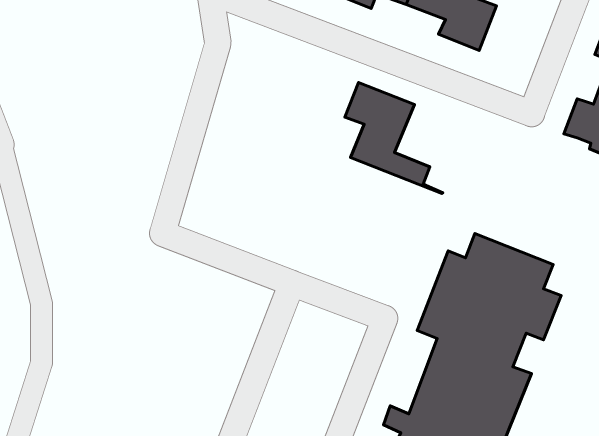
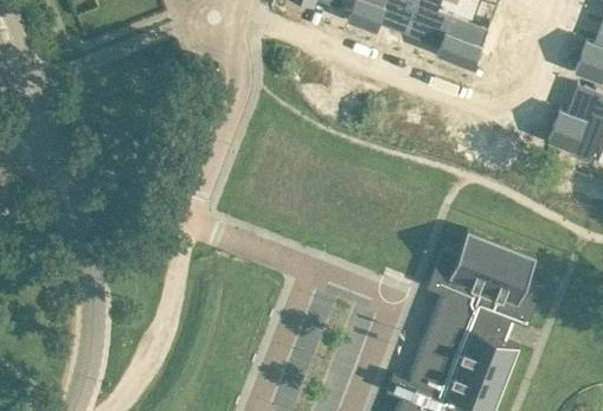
building: [345,82,443,194] -> none

